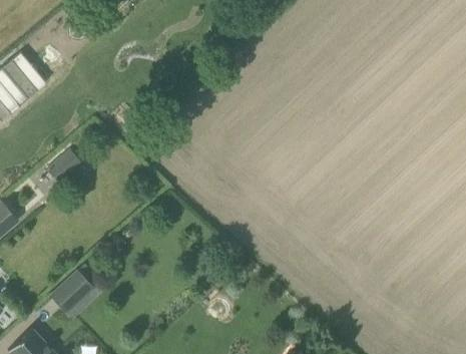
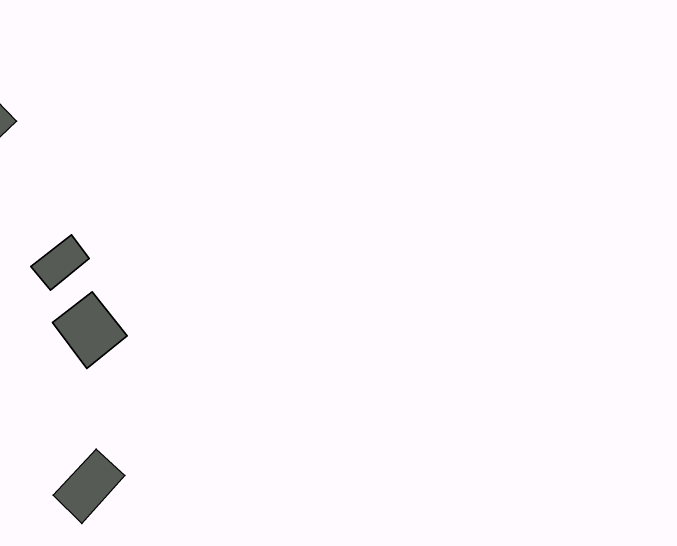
building: none -> [52,292,127,369]

